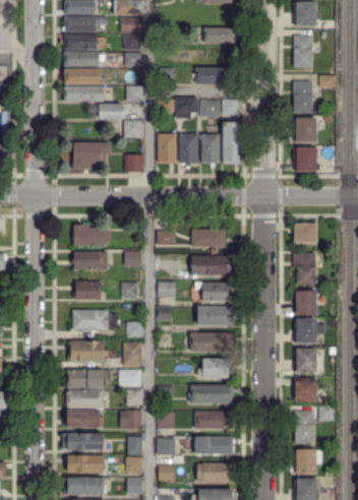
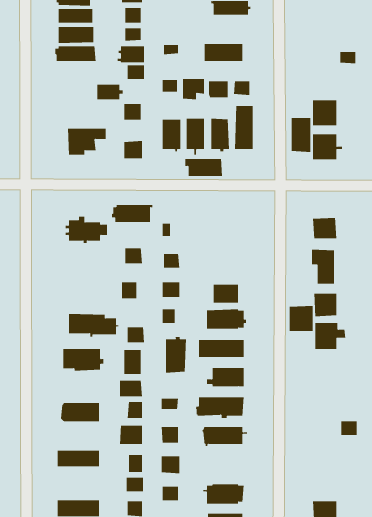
building: [295,36,311,67] -> none
building: [294,81,312,113] -> [291,117,311,152]
building: [62,86,105,101] -> none
building: [190,229,225,245] -> [184,159,223,177]
building: [71,252,109,268] -> [111,204,153,223]
building: [190,256,231,277] -> none
building: [73,282,101,299] -> none
building: none -> [166,336,186,373]
building: [294,349,316,372] -> [289,305,314,331]
building: [68,370,103,387] -> none
building: [295,380,316,400] -> none
building: [64,410,102,426] -> none
building: [294,412,313,443] -> none
building: [195,437,233,452] -> none
building: [294,450,322,470] -> none
building: [67,456,103,472] -> none

